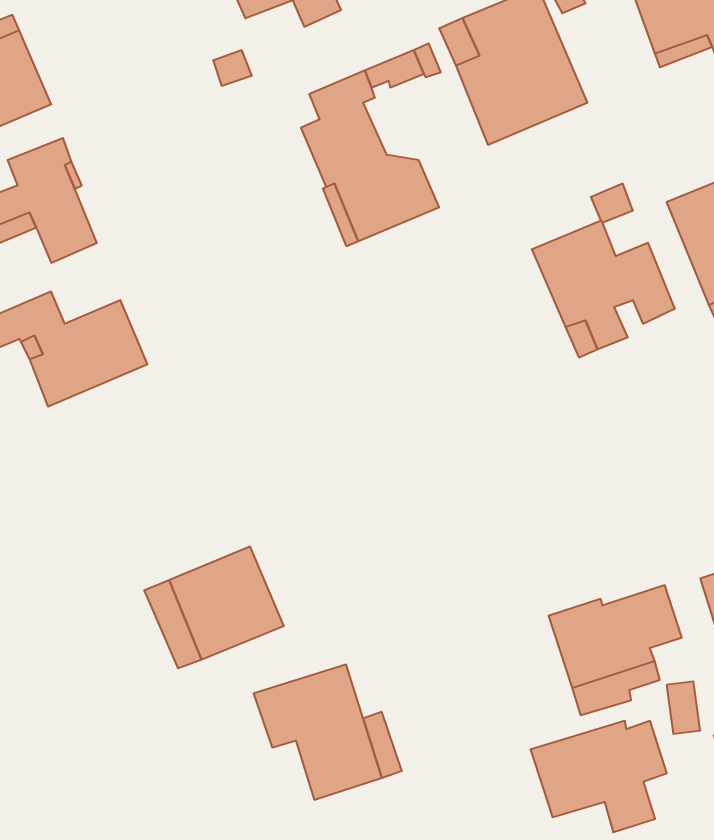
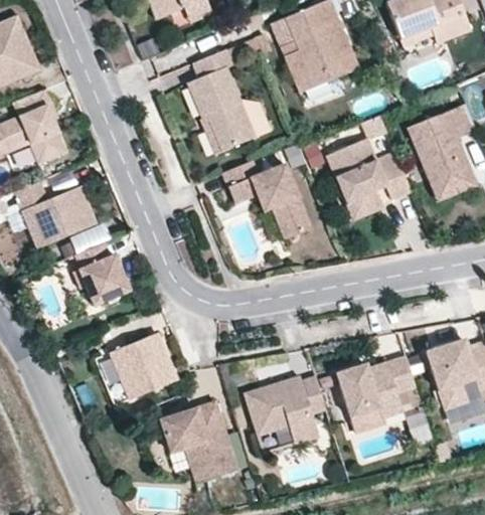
building: none -> [222,160,311,238]
building: none -> [72,241,131,306]
building: [530,721,667,832] -> [245,376,326,443]

